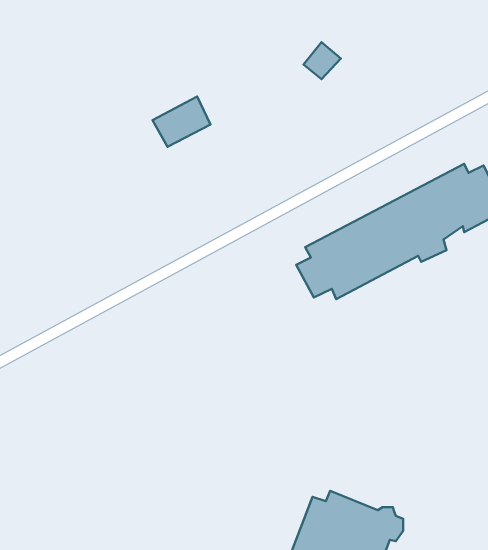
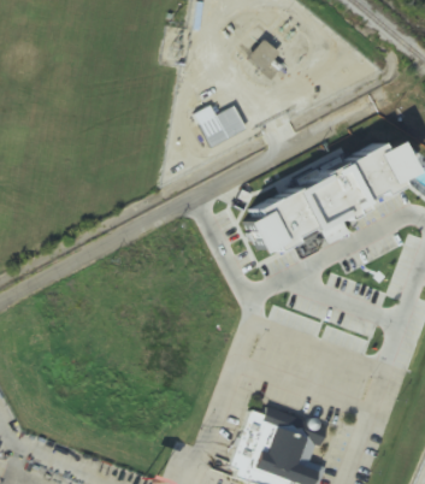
building: [153,96,211,147] -> [199,110,246,150]

